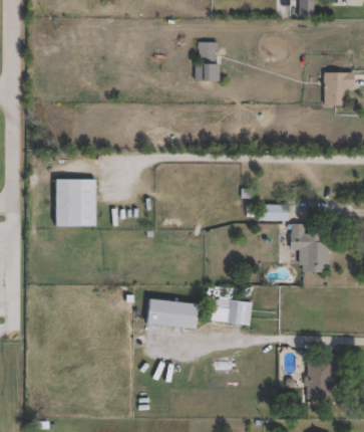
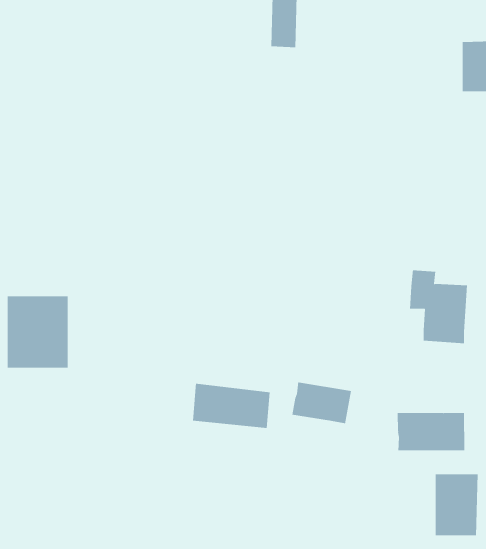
building: [58,181,99,229] -> [7,296,69,368]
building: [260,204,288,219] -> none
building: none -> [397,412,465,451]

